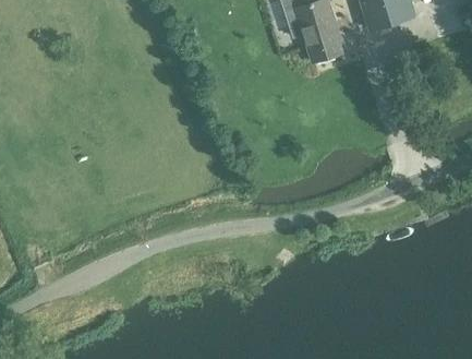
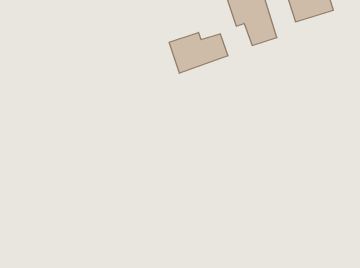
building: none -> [169,32,228,73]

